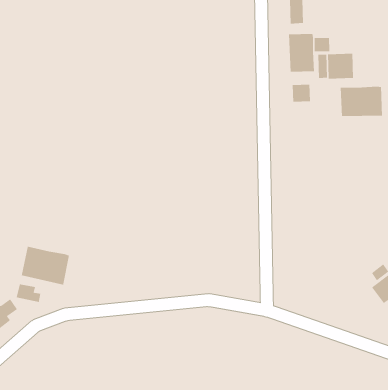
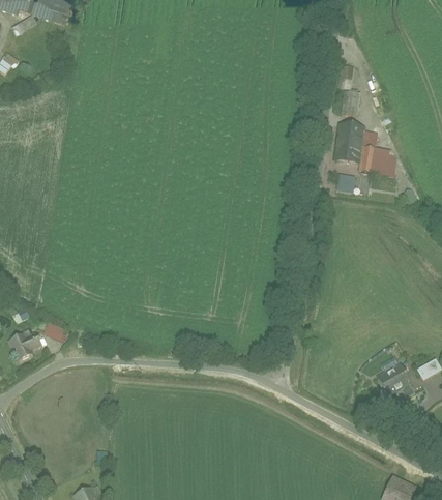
building: [340,86,382,117] -> none
building: [21,246,70,285] -> none

